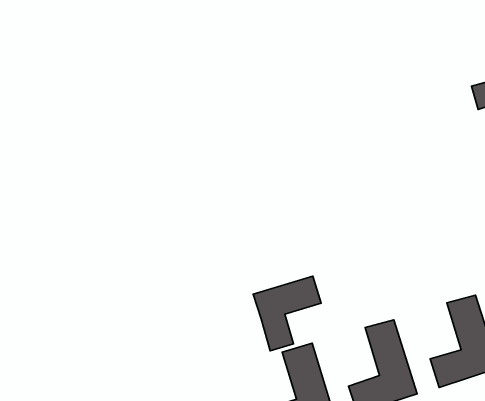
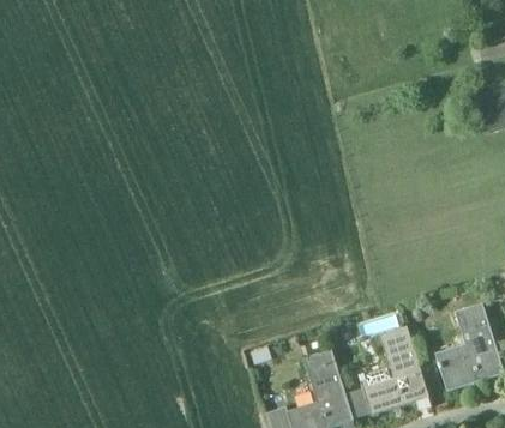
building: [253,276,321,351] -> none

